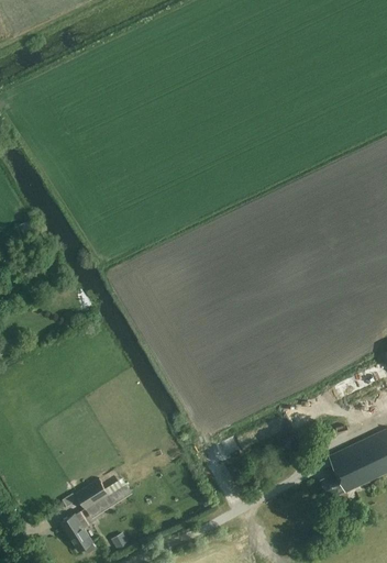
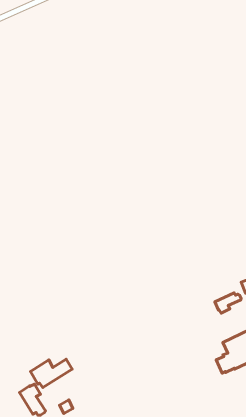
building: none -> [215,293,241,313]

